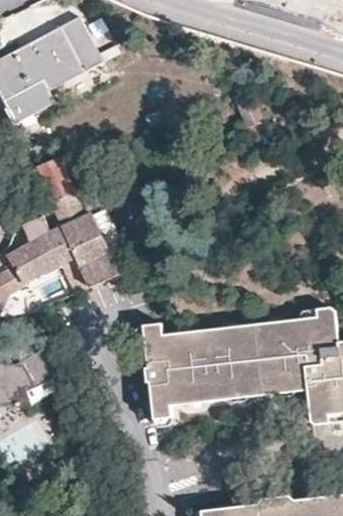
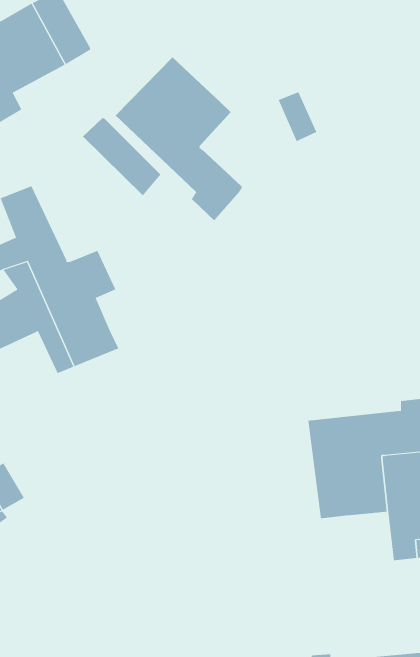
building: none -> [115,56,243,221]
building: none -> [82,117,161,196]
building: [141,322,262,423] -> none

